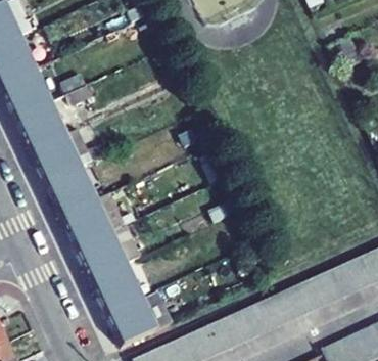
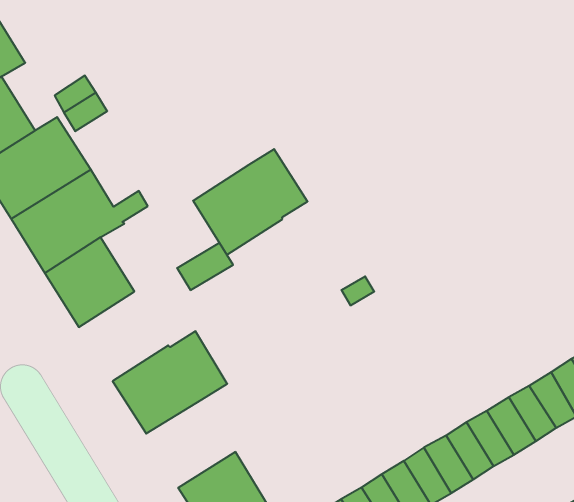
building: [63,189,128,245] -> [193,149,308,255]
building: [94,262,153,310] -> none

